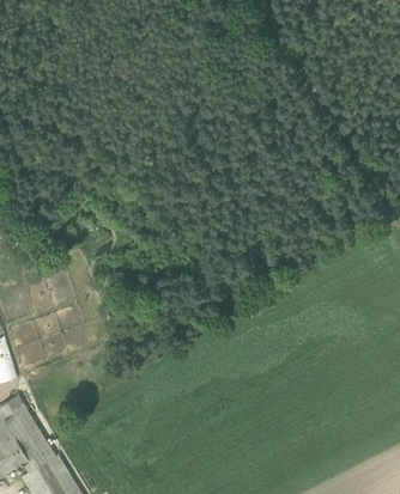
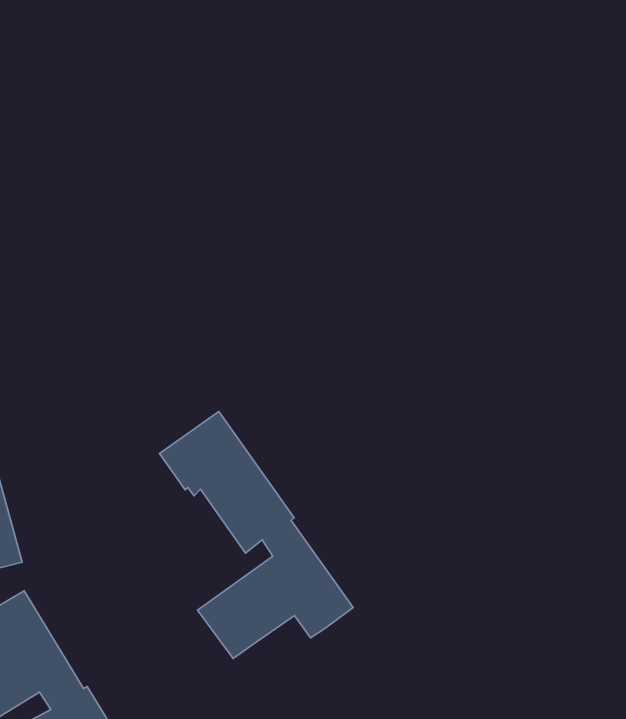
building: none -> [160,411,353,659]

